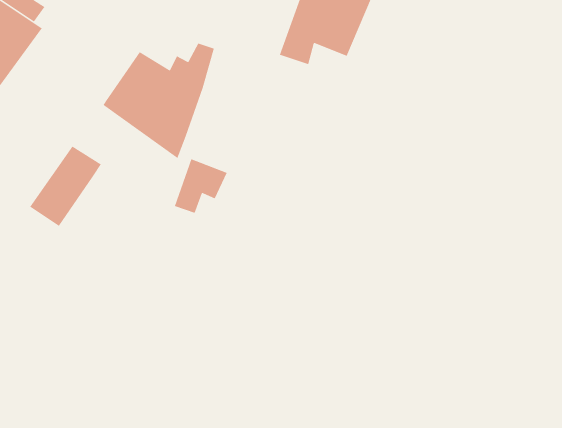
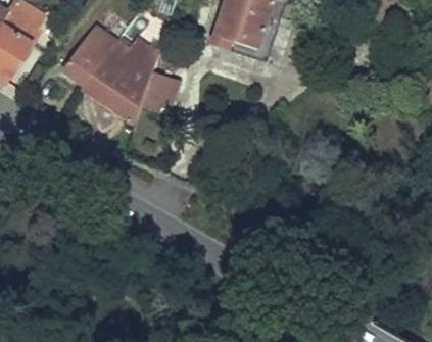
building: [29,146,102,227] -> [61,23,113,82]
building: [174,158,228,214] -> [141,72,180,112]

